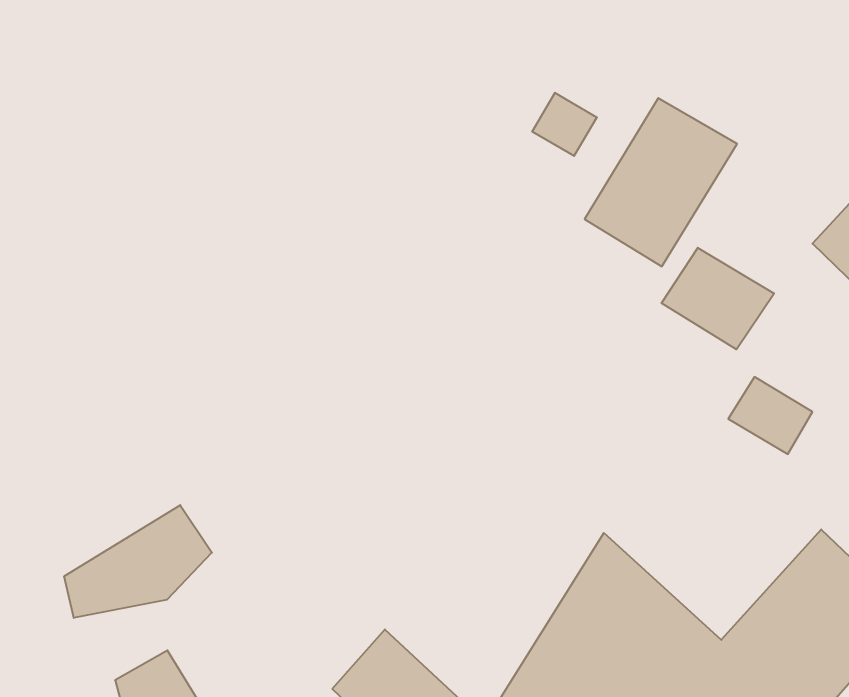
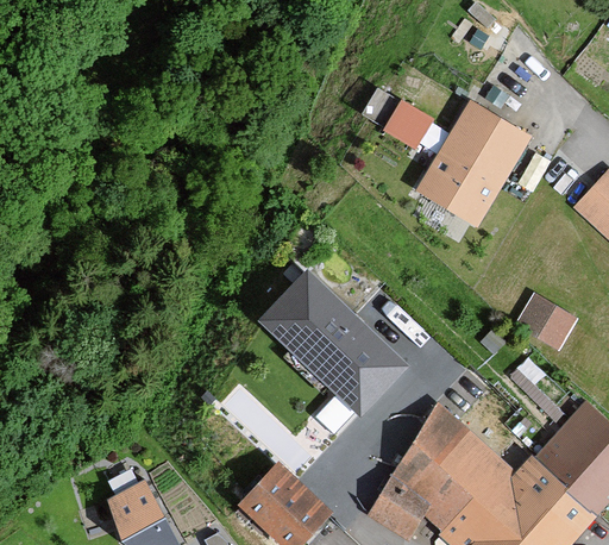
building: [662,248,774,349] -> none
building: none -> [255,268,408,418]
building: [64,505,212,618] -> none

